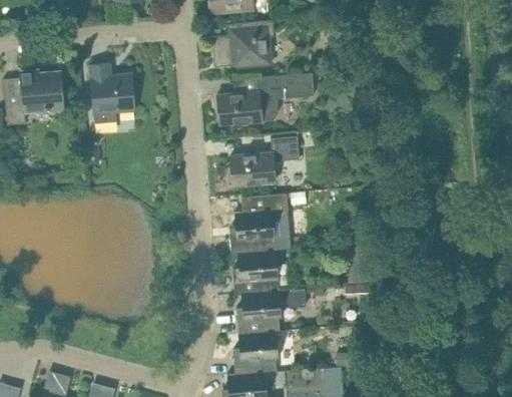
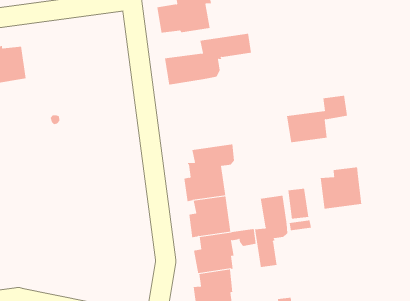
building: [90,64,135,123] -> none
building: [230,136,299,185] -> [286,95,348,143]
building: none -> [320,166,362,209]
building: none -> [255,195,288,268]

